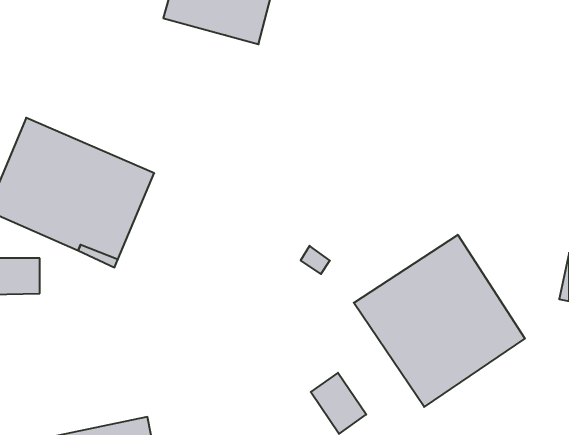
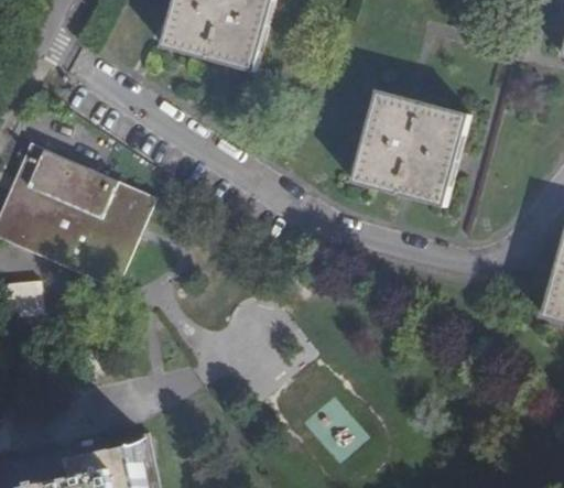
building: none -> [350,89,469,209]
building: [354,235,525,407] -> none

